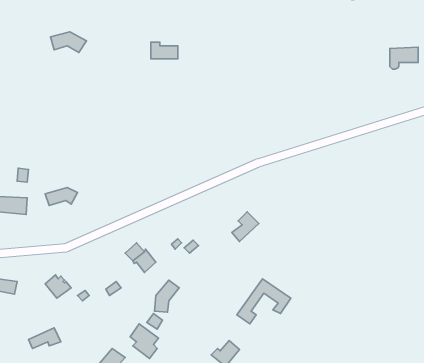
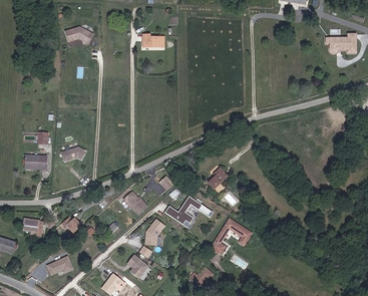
building: none -> [164,197,202,225]

